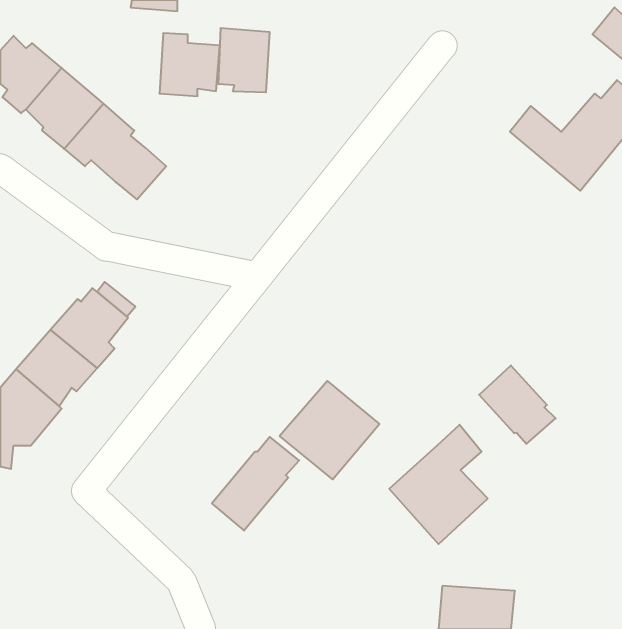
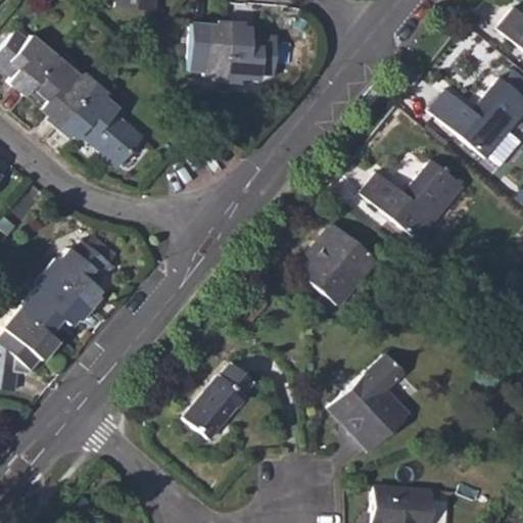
building: [159,33,220,96] -> [227,27,277,79]
building: none -> [360,159,464,241]
building: [479,365,556,444] -> none
building: [280,381,379,479] -> [293,224,376,305]

